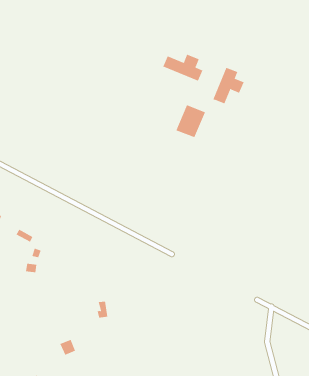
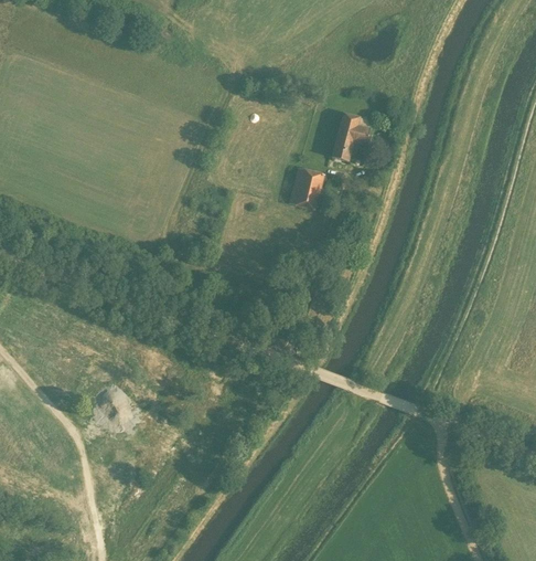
building: [163,54,203,81] -> none

